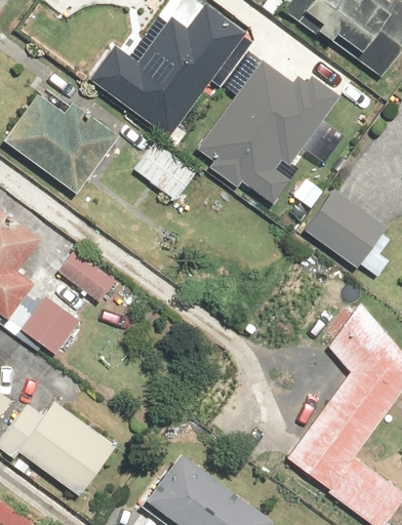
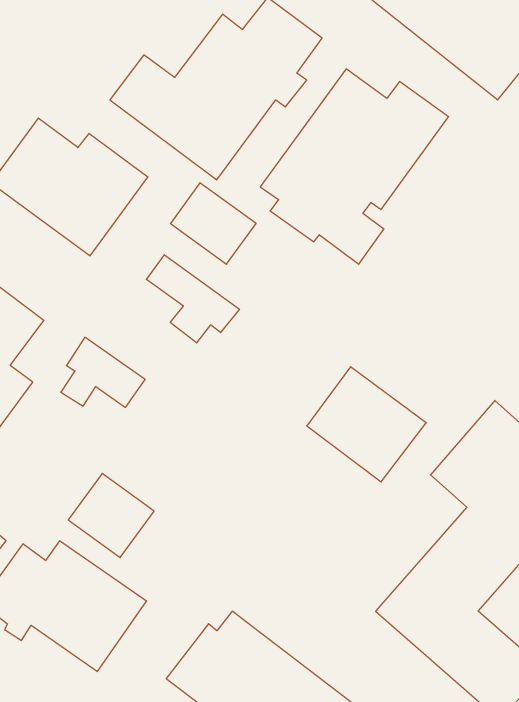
building: [297,189,385,273] -> [307,367,426,482]
building: none -> [146,255,239,343]
building: [21,294,83,356] -> [68,473,154,558]

